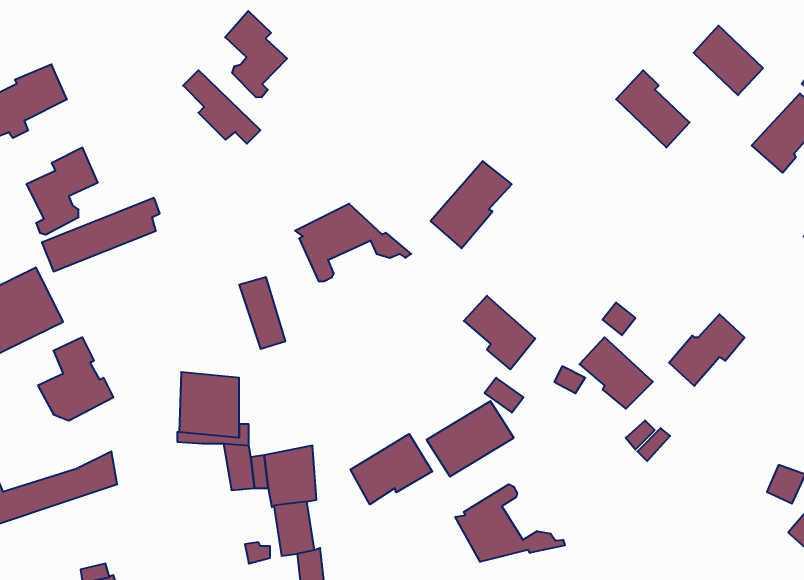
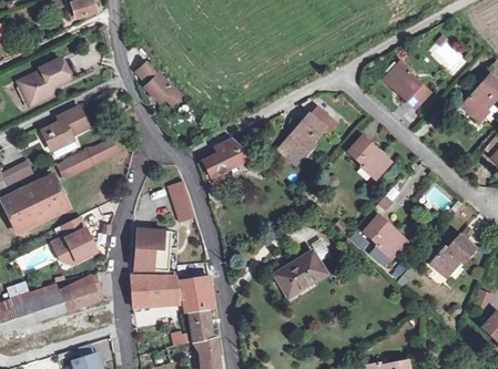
building: [225,11,287,97] -> none
building: [464,296,535,369] -> [349,136,390,178]
building: [669,314,745,386] -> [431,235,475,276]
building: [350,434,432,504] -> none
building: none -> [131,275,150,305]
building: [455,484,565,562] -> none

